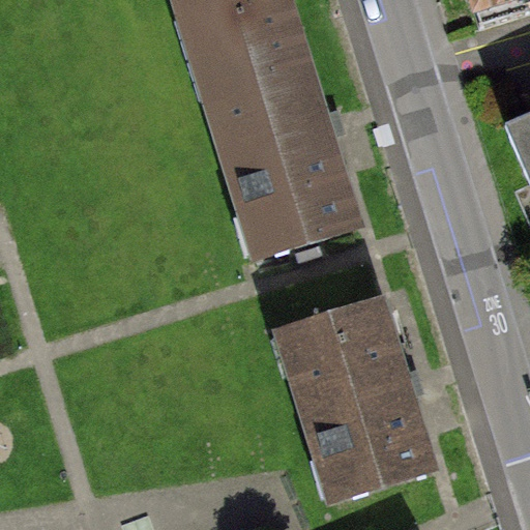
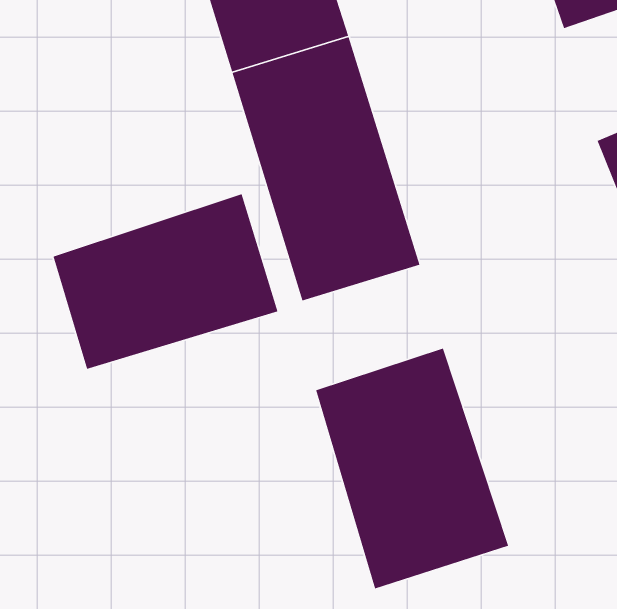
building: none -> [52,193,278,370]

